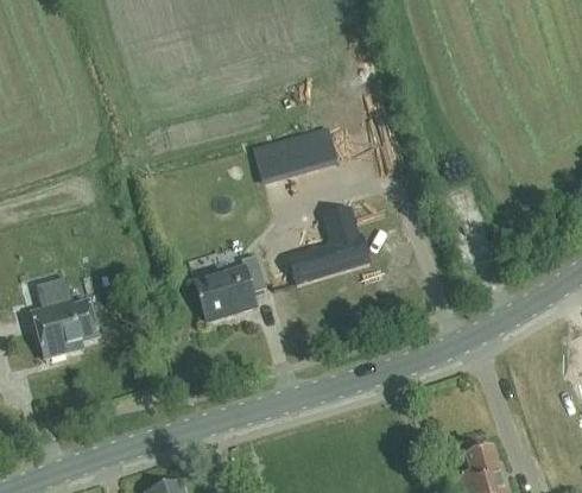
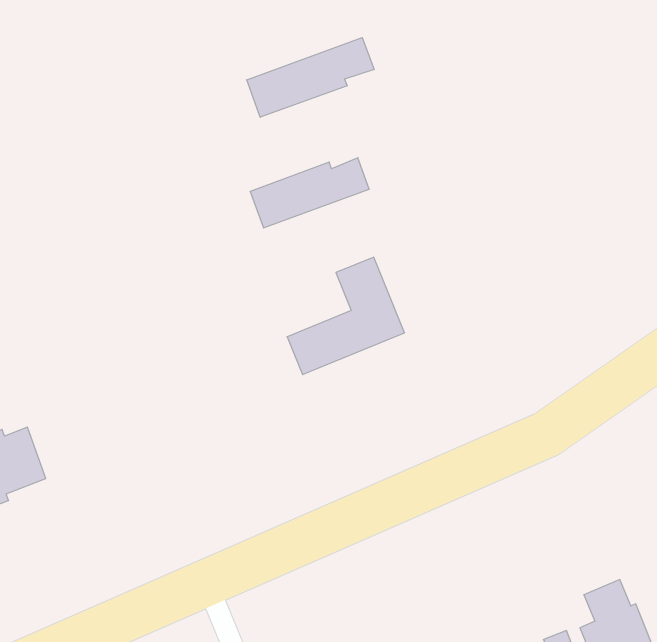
building: none -> [247,38,374,117]
building: [194,254,266,322] -> none

